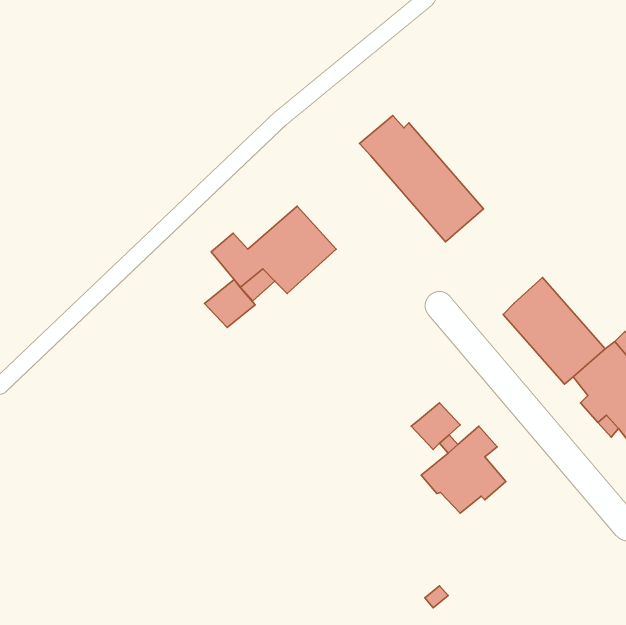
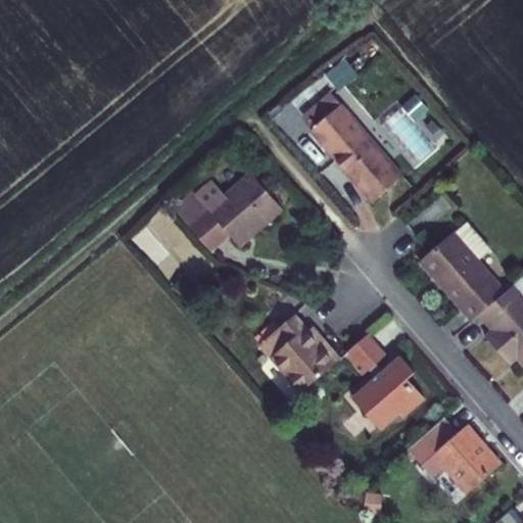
building: [204,280,255,328] -> none
building: none -> [259,314,337,391]
building: none -> [408,416,501,493]

